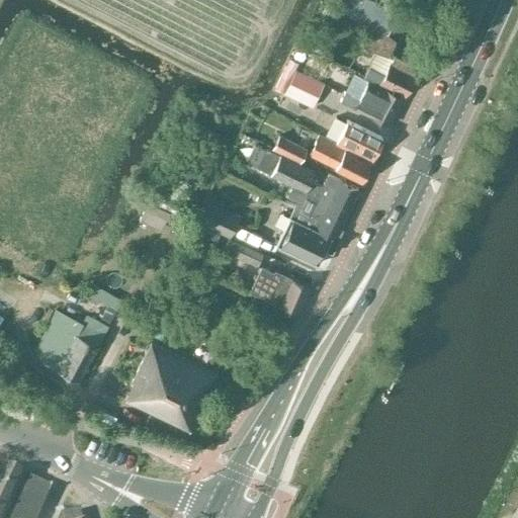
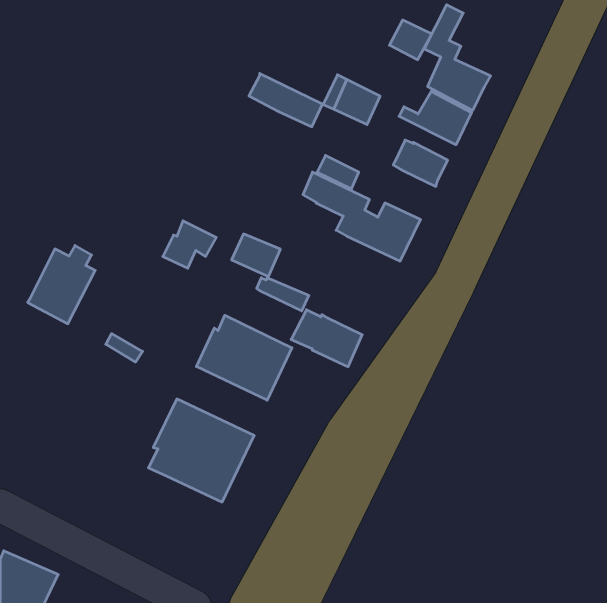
building: none -> [389,20,432,60]
building: [308,137,370,182] -> [249,73,323,127]
building: [276,204,341,265] -> none
building: none -> [196,315,292,400]
building: [45,316,102,382] -> [28,245,95,324]

